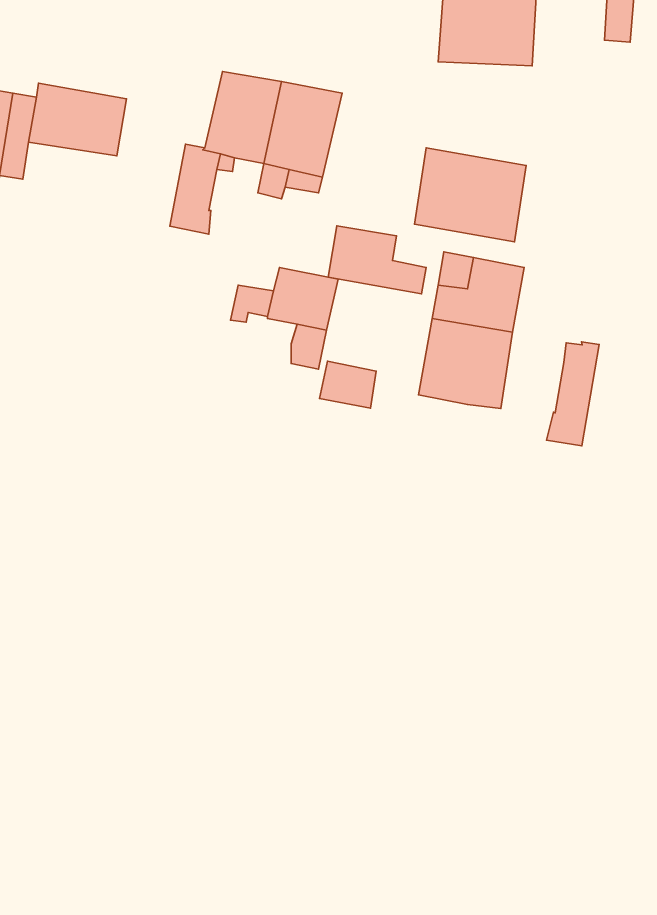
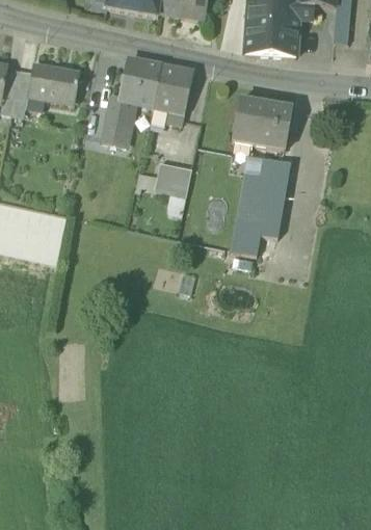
building: [328,226,426,294] -> none
building: [546,342,599,446] -> none
building: [320,361,376,408] -> [231,230,261,255]

